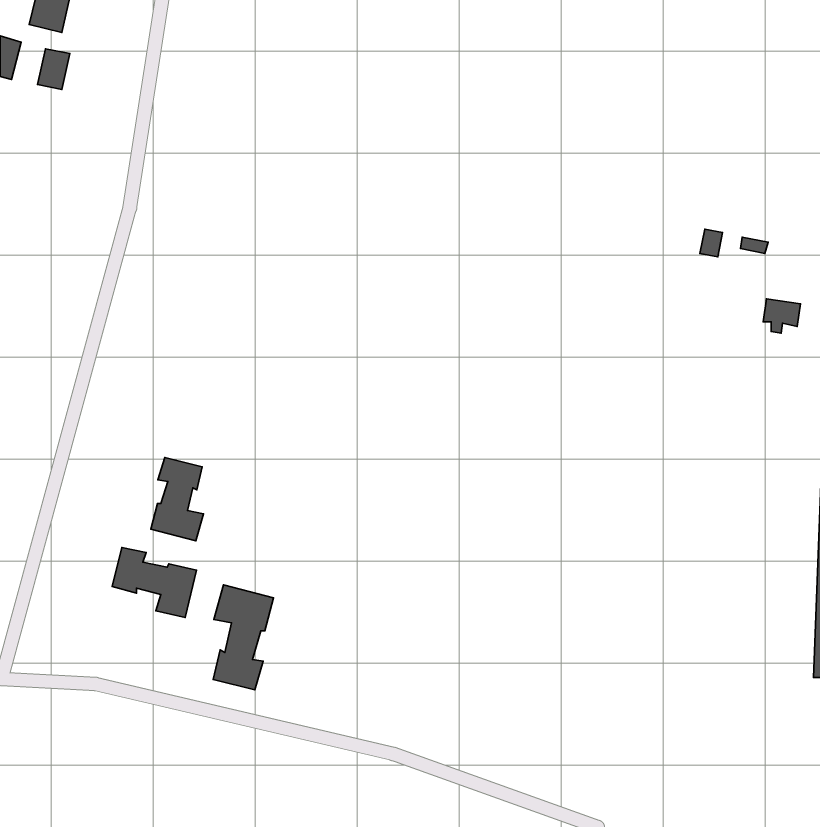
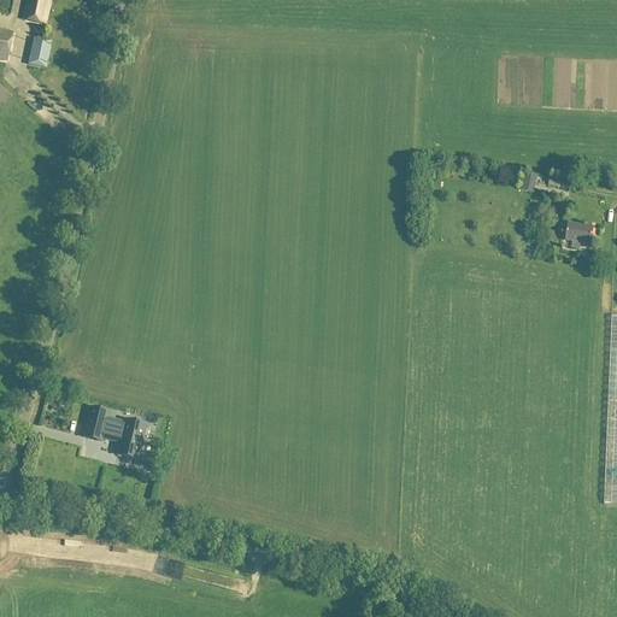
building: [151,458,203,541] -> none
building: [213,585,273,690] -> none

